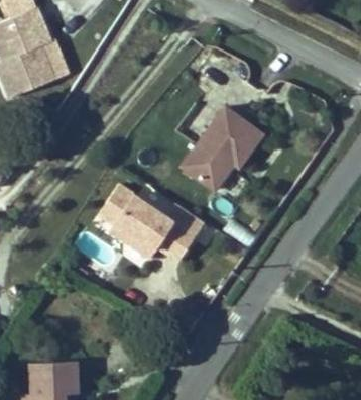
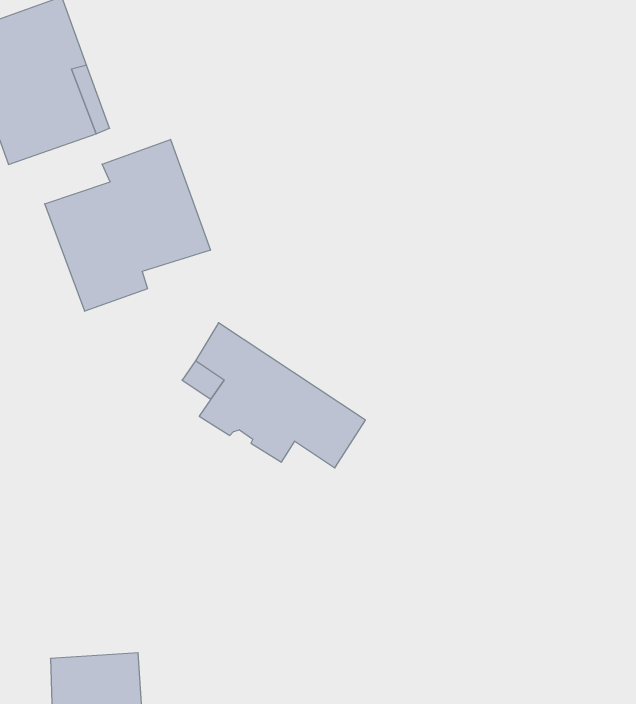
building: none -> [45,139,210,311]
building: [184,106,262,188] -> none

